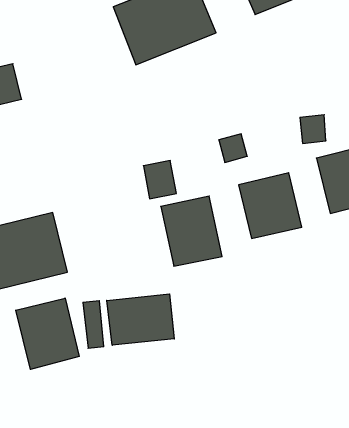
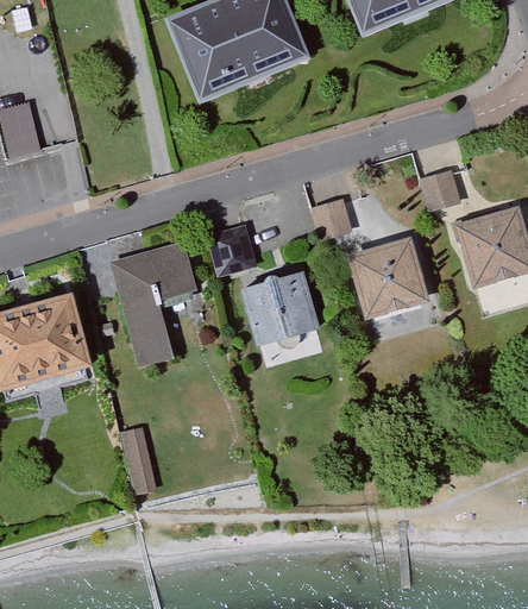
building: none -> [112,241,201,365]
building: [107,294,174,345] -> none
building: [16,298,79,369] -> none

